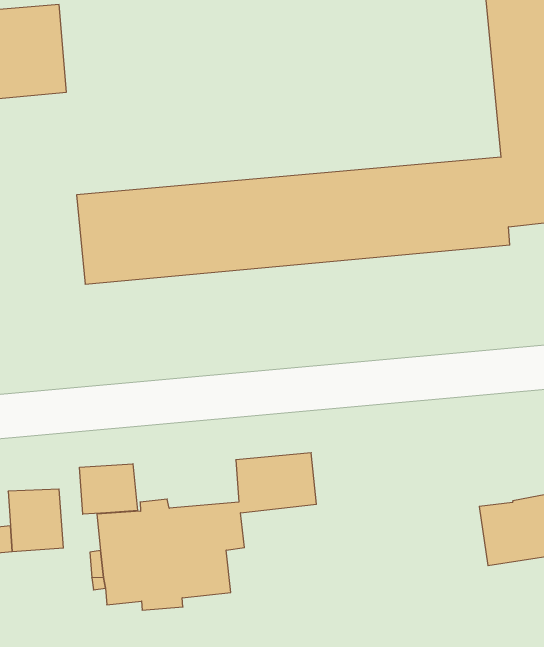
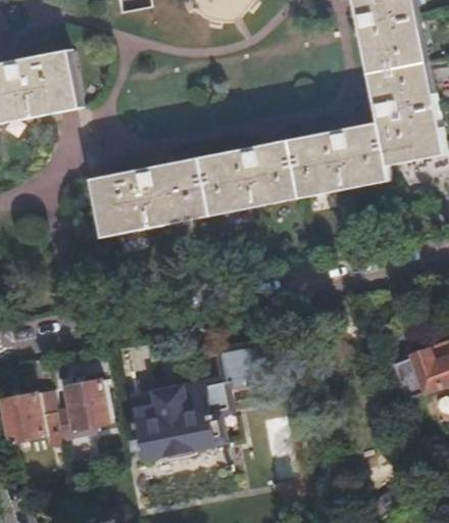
building: [80,464,138,514] -> none

